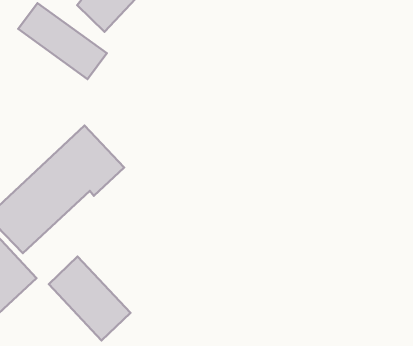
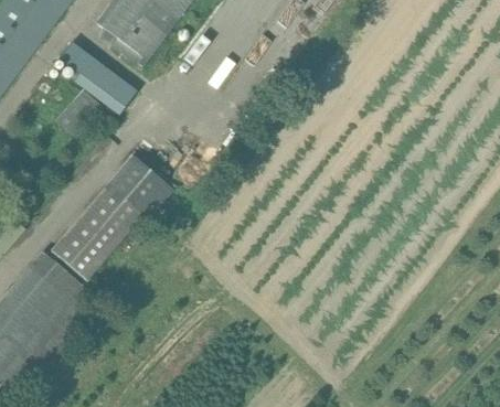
building: none -> [58,87,102,133]
building: [49,257,130,340] -> none

